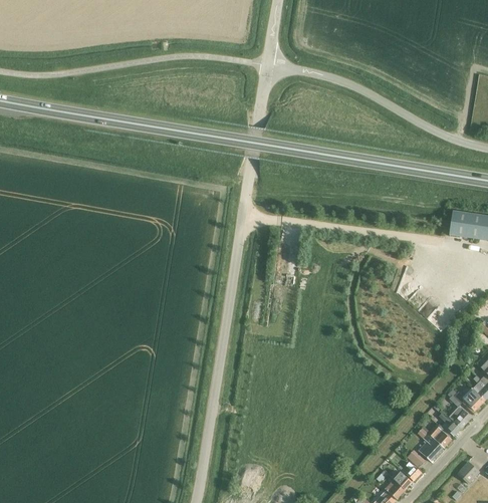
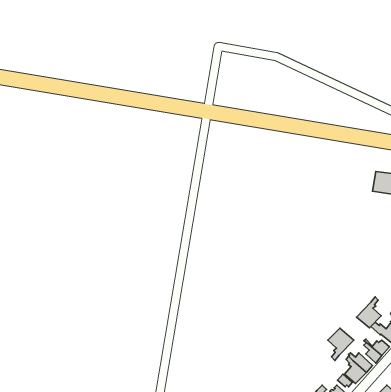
building: none -> [357,297,381,328]
building: none -> [328,328,354,360]

